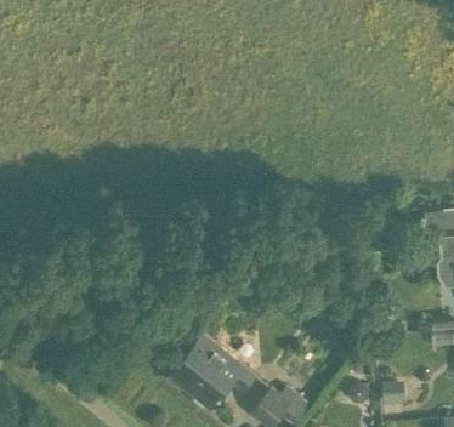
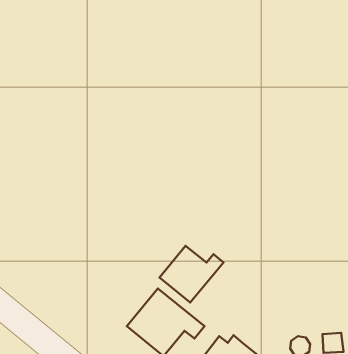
building: none -> [159,246,223,303]

